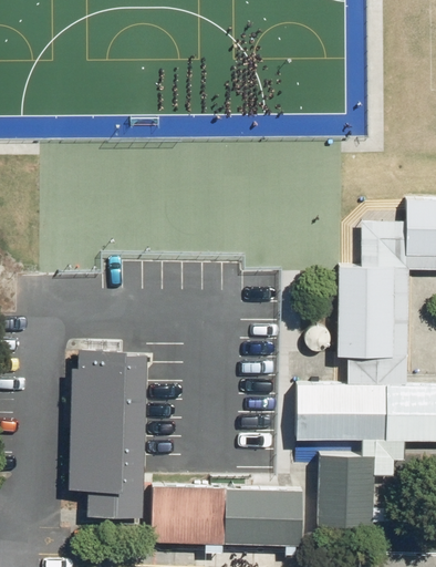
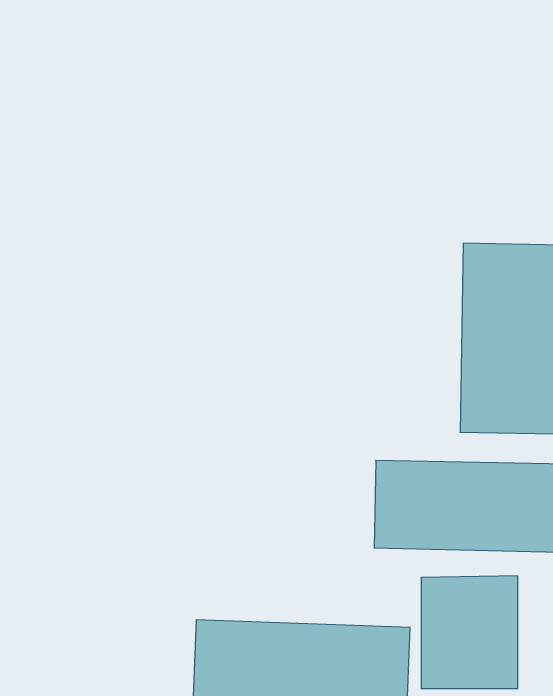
building: [69,354,148,518] -> none

